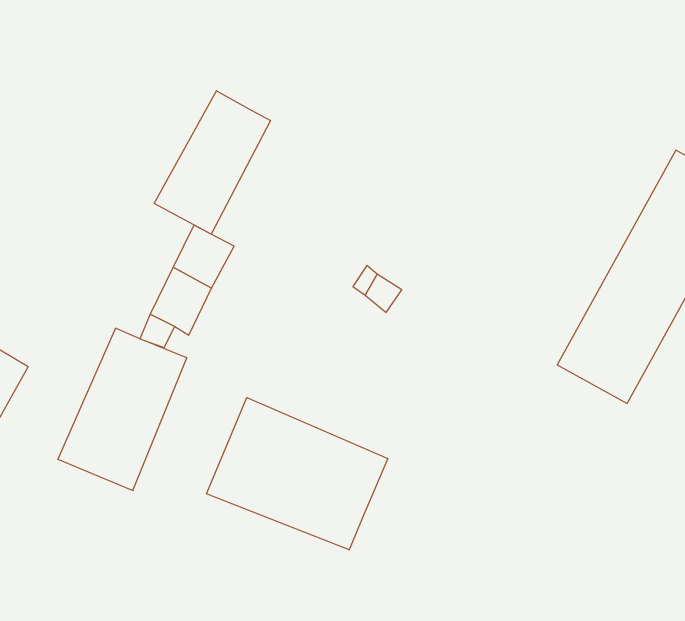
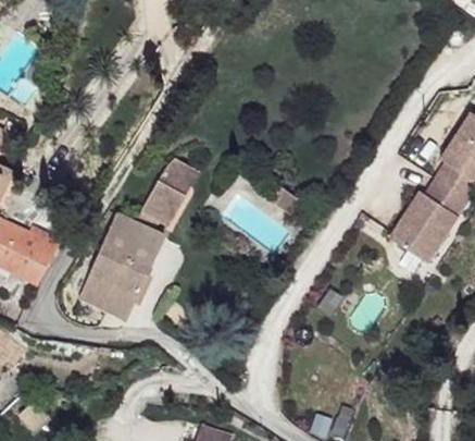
building: [154,91,271,234] -> none
building: [207,398,388,550] -> none

